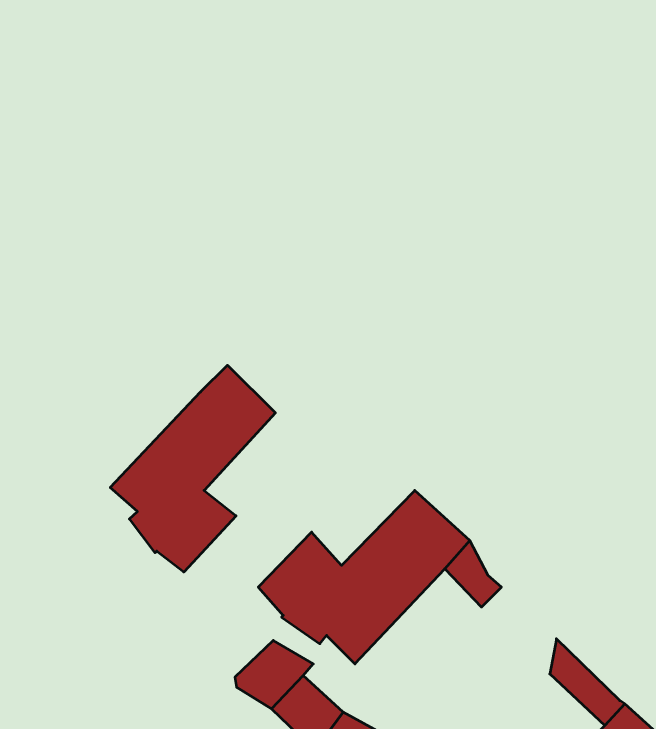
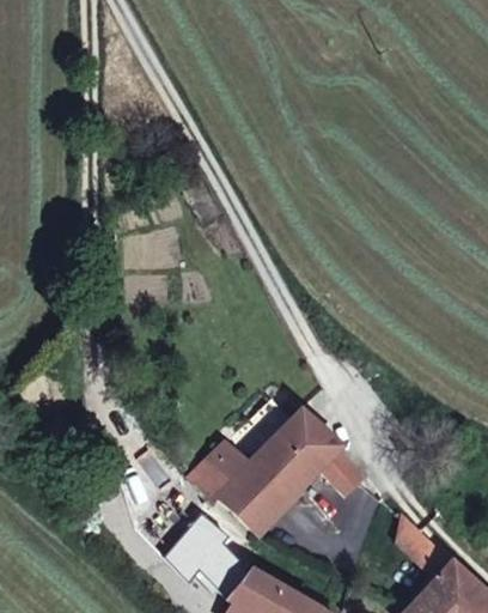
building: [110,365,275,572] -> none

